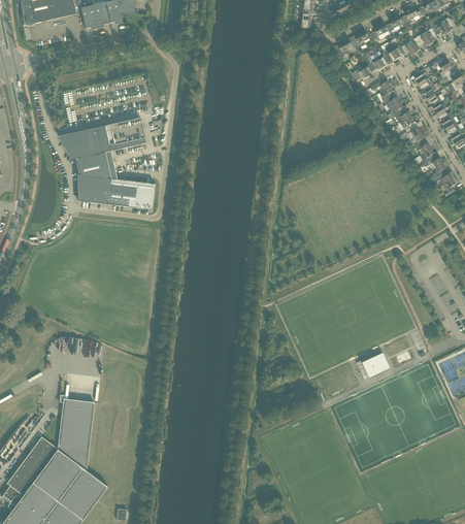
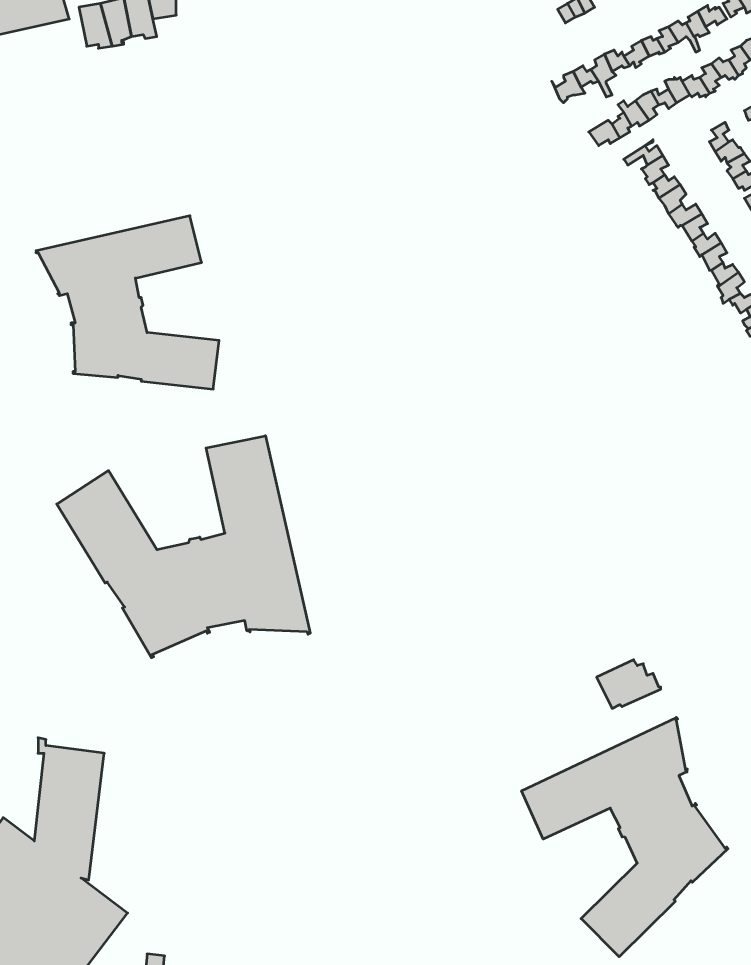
building: none -> [57,436,310,658]
building: none -> [522,717,728,957]

